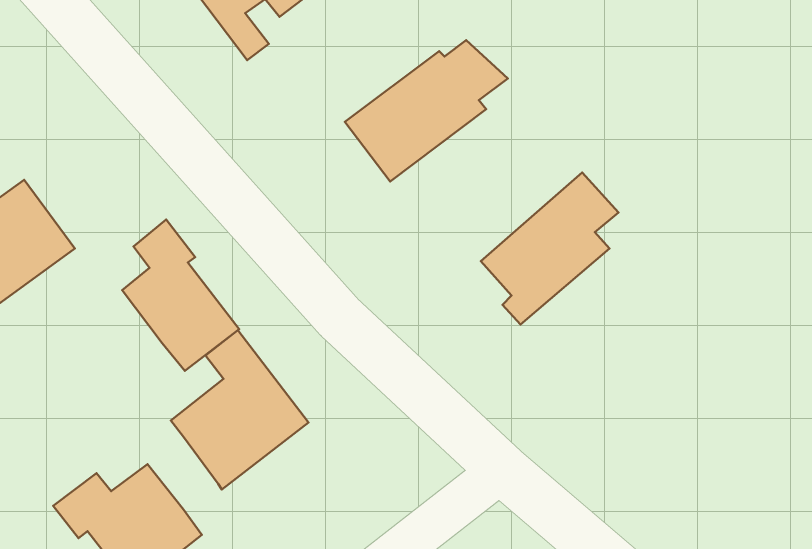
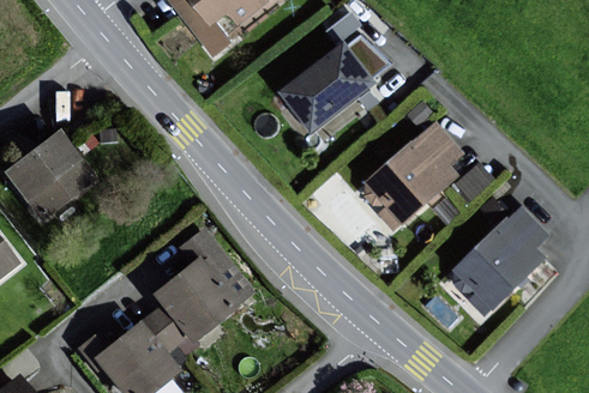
building: [122,220,239,371] -> none
building: none -> [453,213,541,316]
building: none -> [144,303,191,351]

